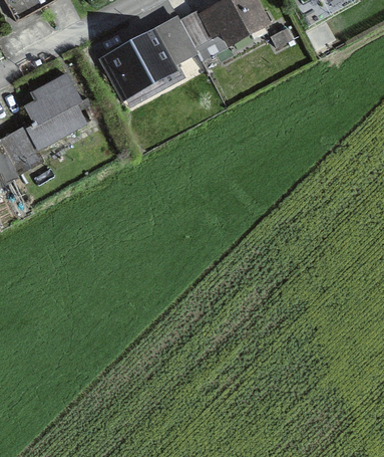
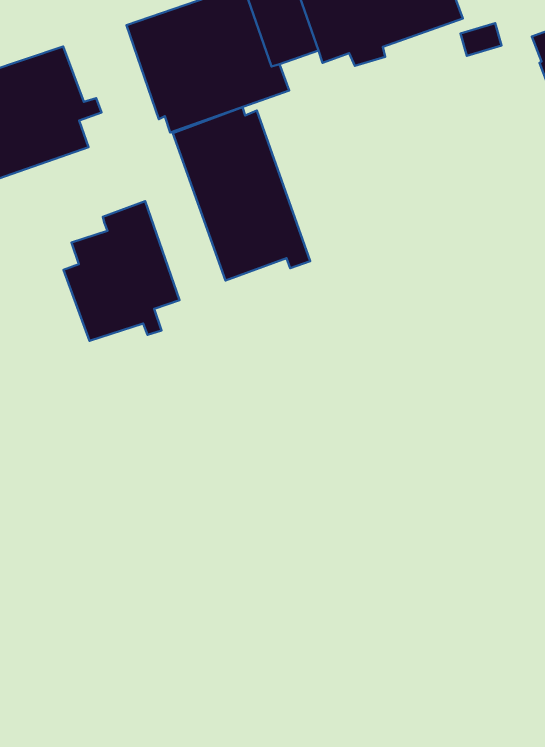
building: none -> [173,107,310,280]
building: none -> [64,201,180,341]

